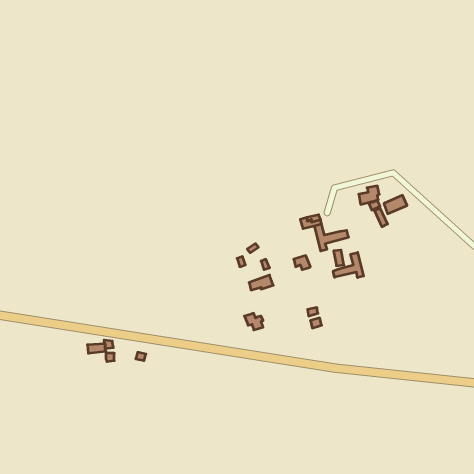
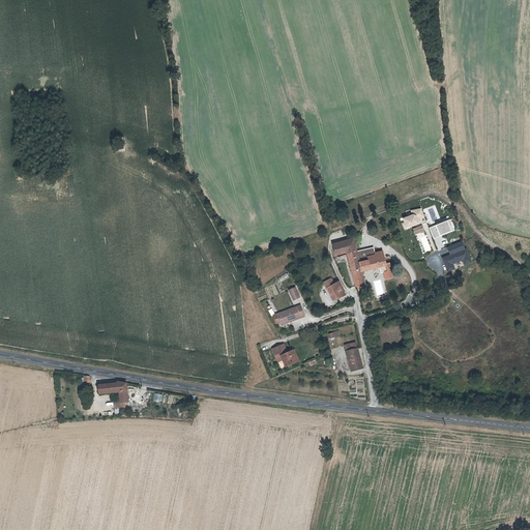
building: none -> [440,240,470,271]
building: [333,252,364,278] -> none

